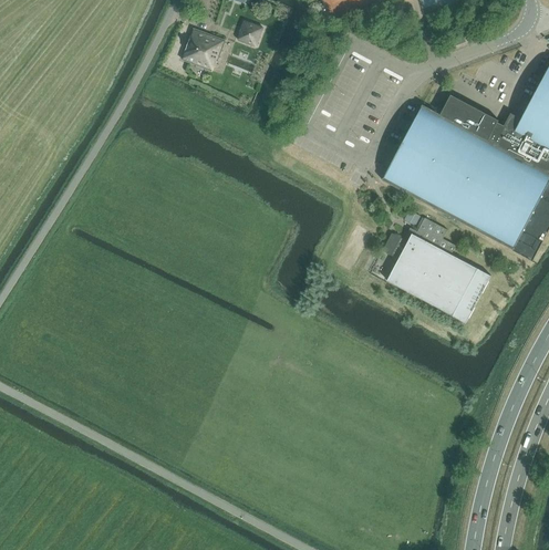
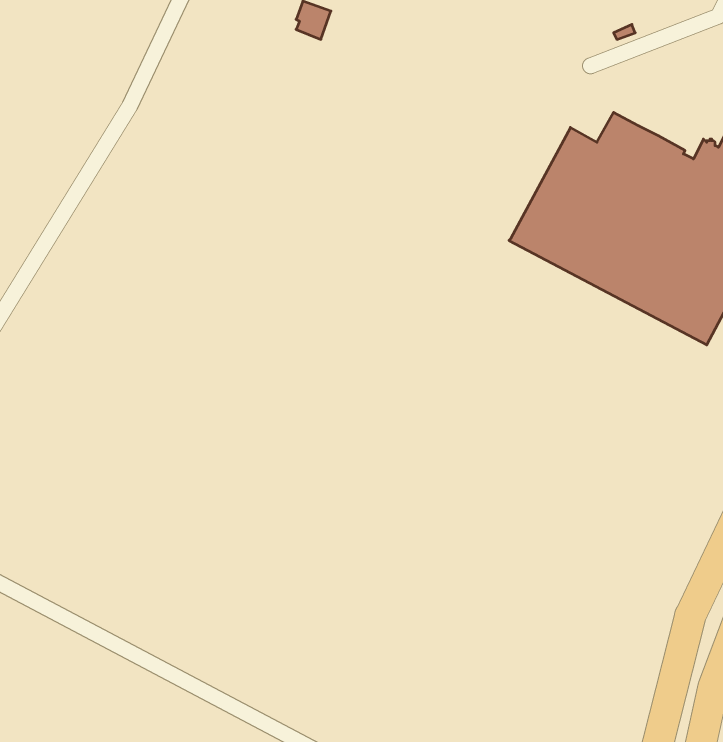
building: [183,28,225,70] -> none
building: [383,217,491,322] -> none

